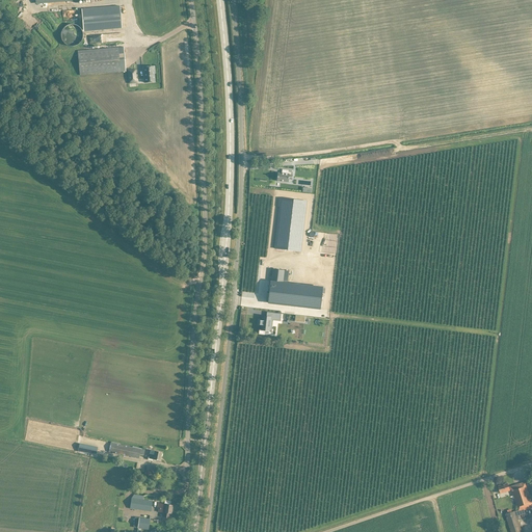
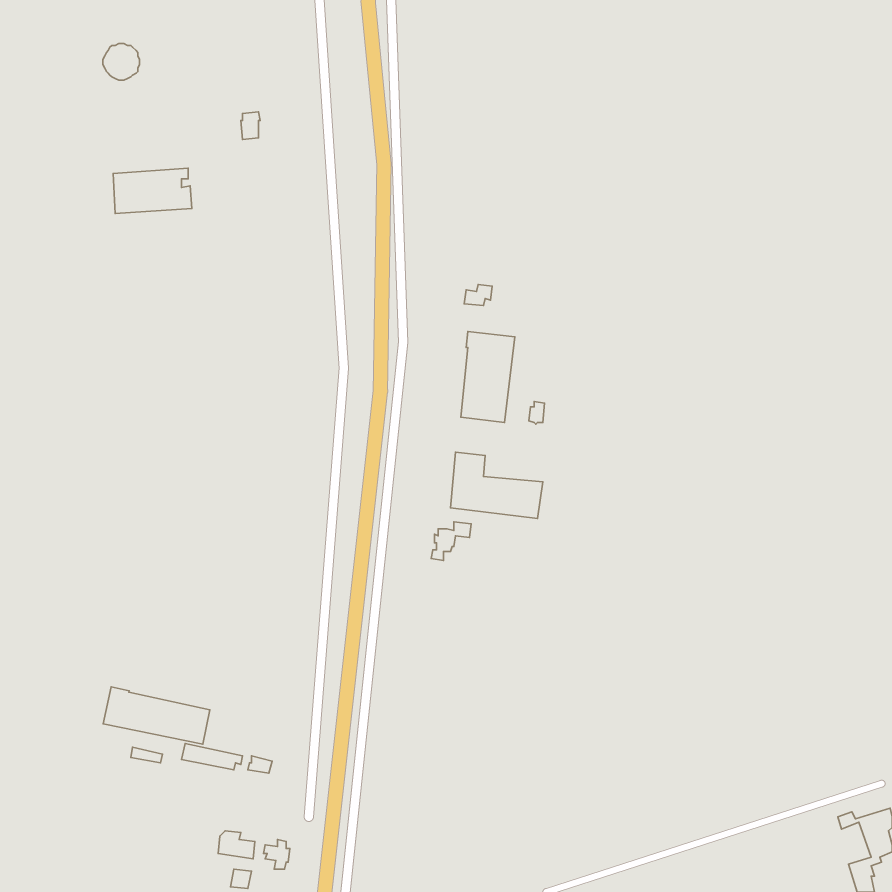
building: [91,5,123,29] -> none
building: [79,48,126,75] -> [113,168,192,214]
building: none -> [103,687,210,744]

